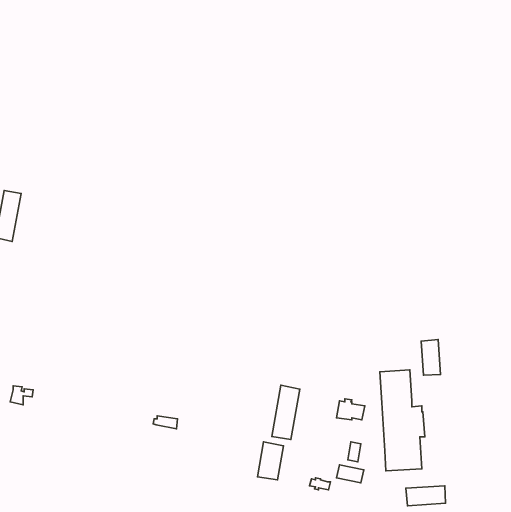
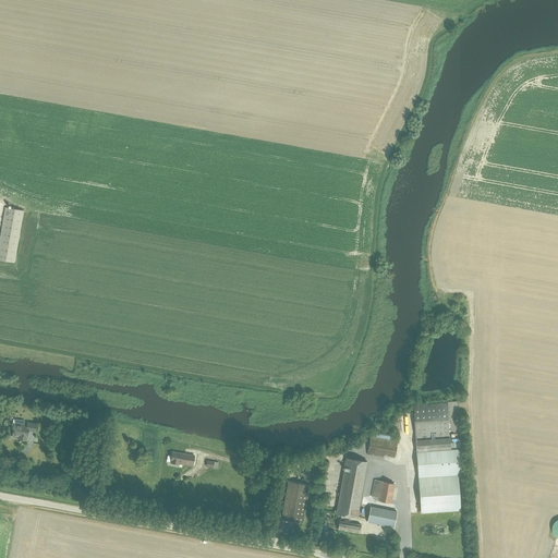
building: [421,339,440,375] -> none
building: [272,385,300,439] -> [336,458,366,517]
building: [406,486,446,506] -> none

